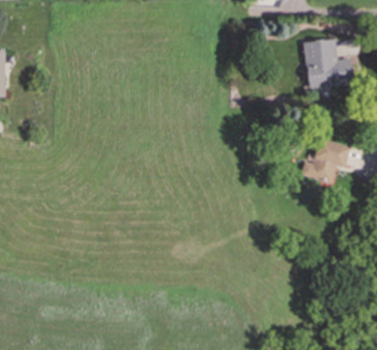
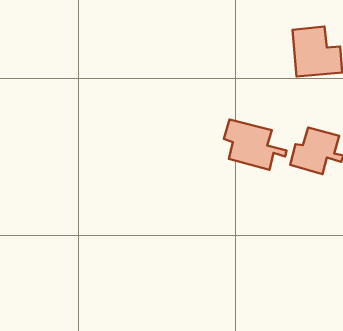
building: none -> [224,120,286,170]

